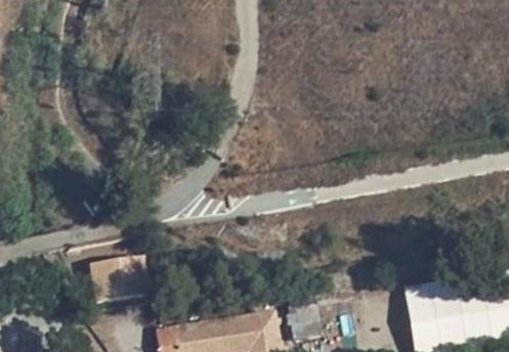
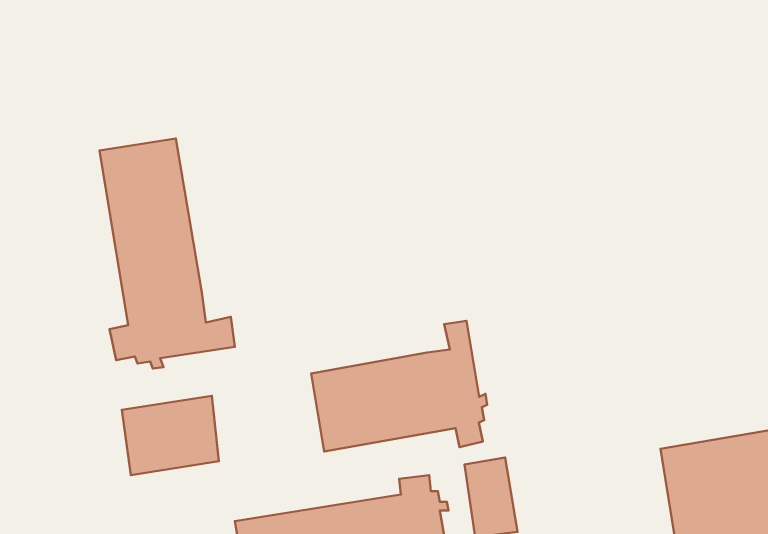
building: none -> [99,138,235,368]
building: none -> [311,321,487,451]

